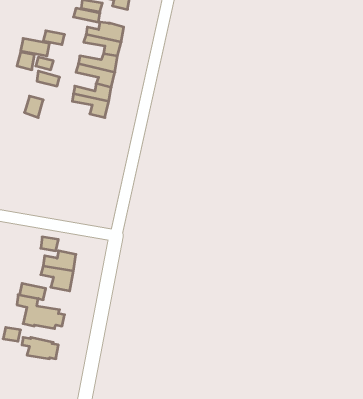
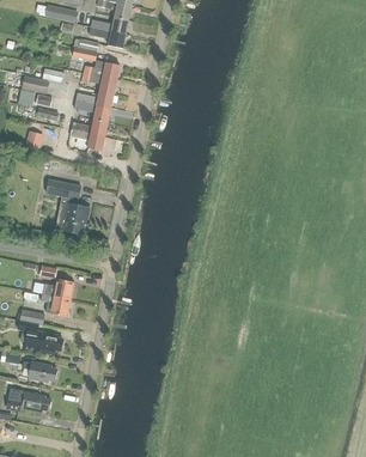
building: none -> [45,178,89,233]
building: none -> [8,389,51,412]

